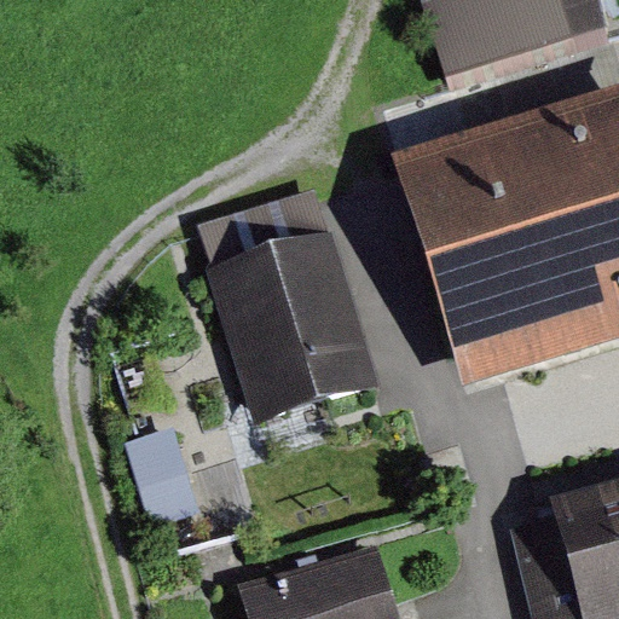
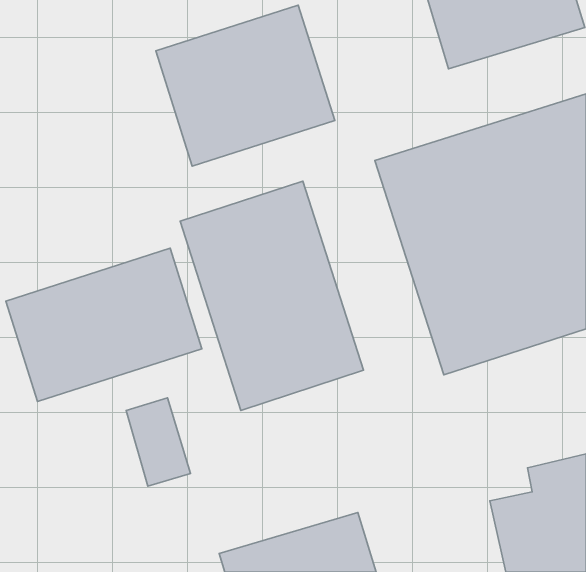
building: none -> [156,5,335,166]
building: none -> [6,248,202,401]

